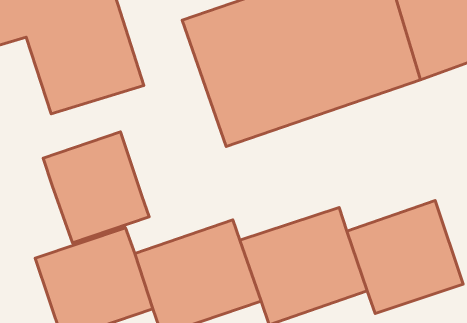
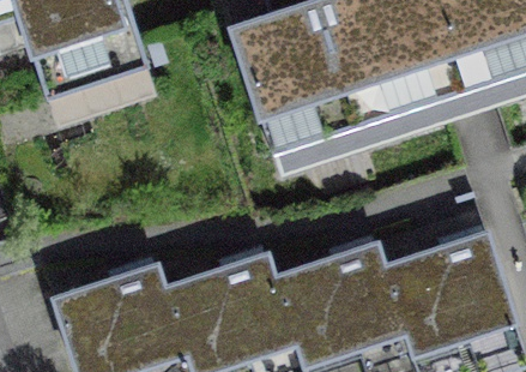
building: [43,132,149,243] -> none

